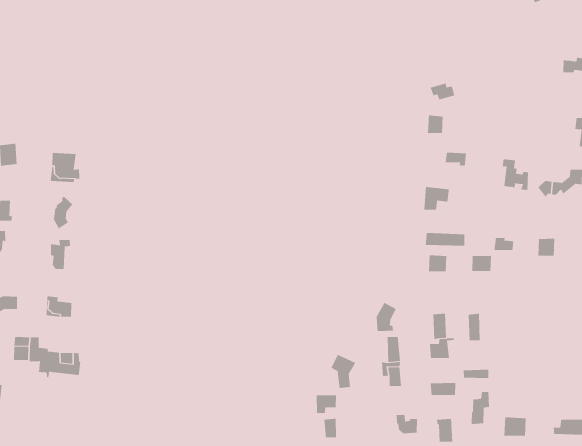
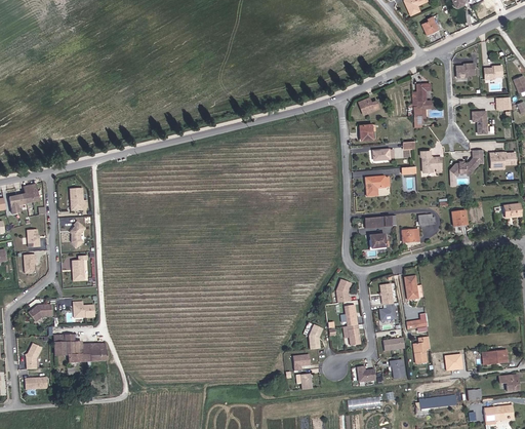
building: none -> [414,84,432,123]

